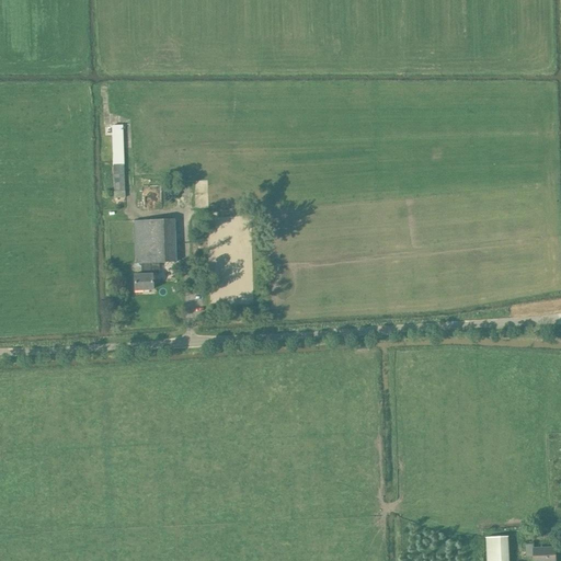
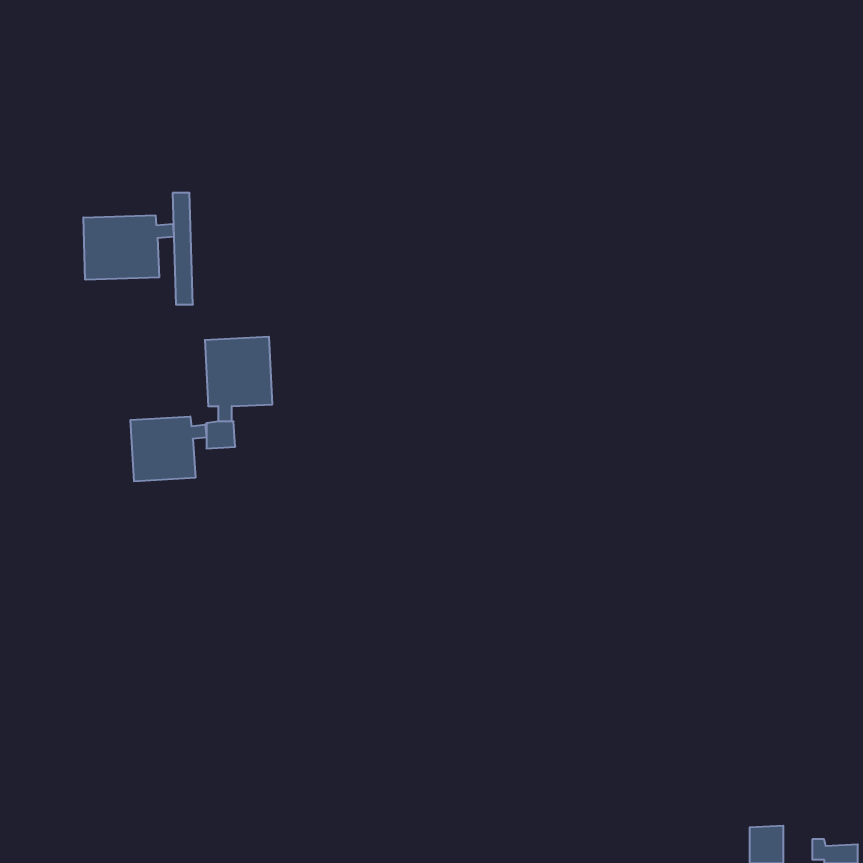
building: none -> [83,215,174,280]
building: none -> [131,416,206,481]

